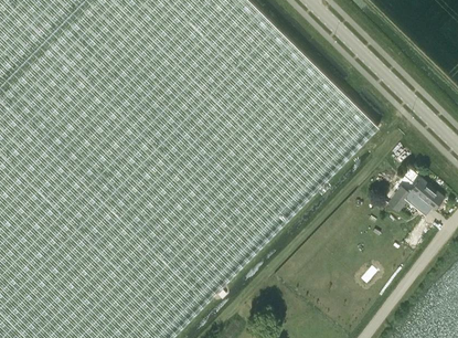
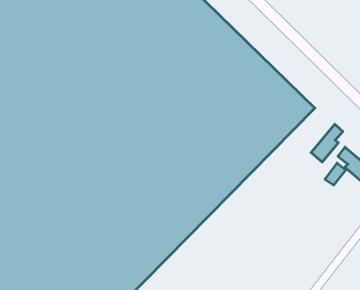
building: none -> [311,124,343,162]

